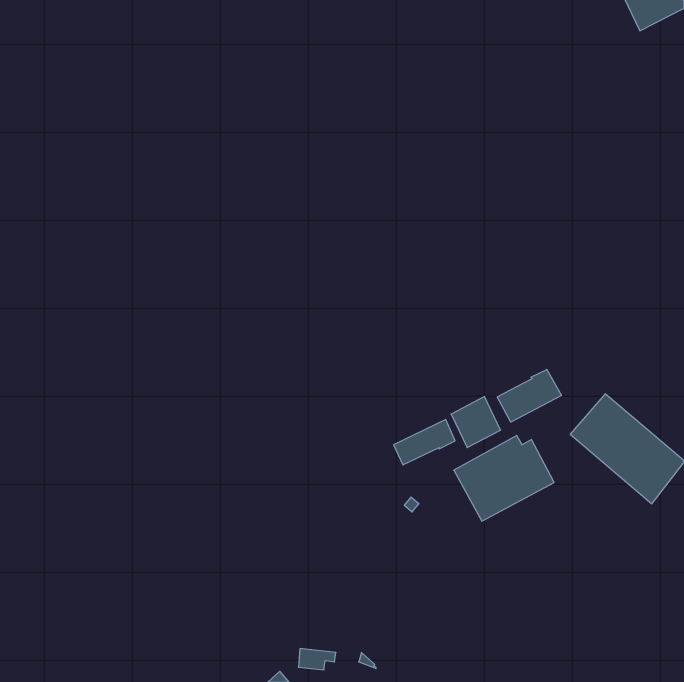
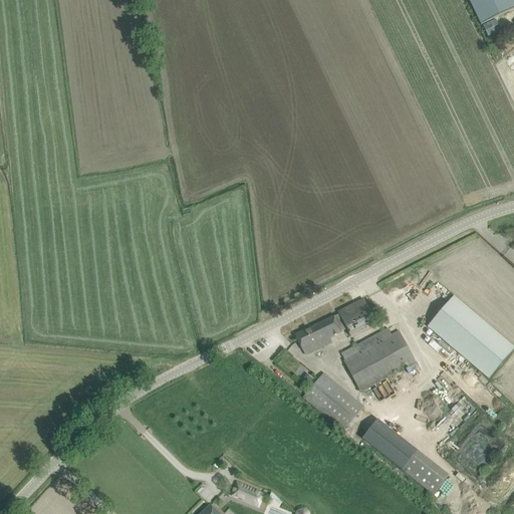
building: [497,369,561,422] -> none
building: none -> [303,371,362,429]
building: none -> [361,418,450,492]

